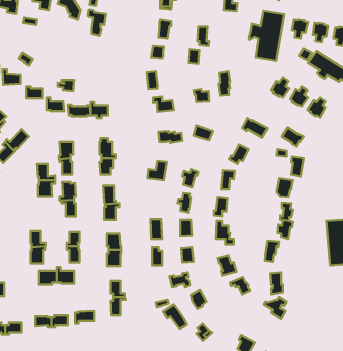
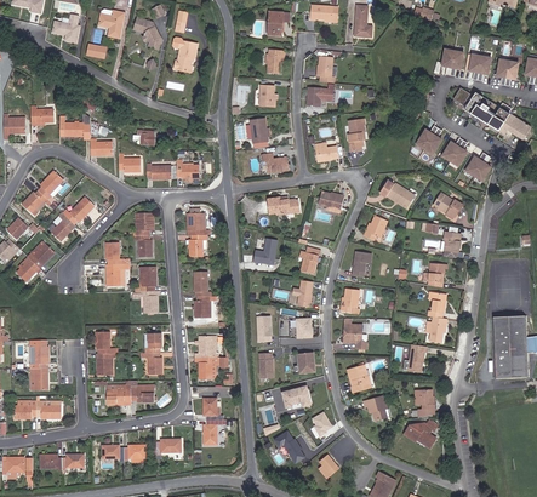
building: [249,11,284,61] -> none

